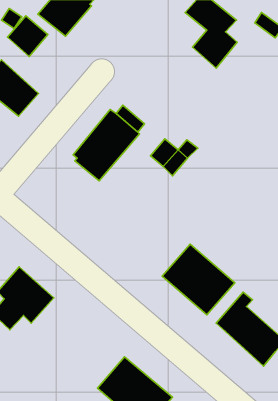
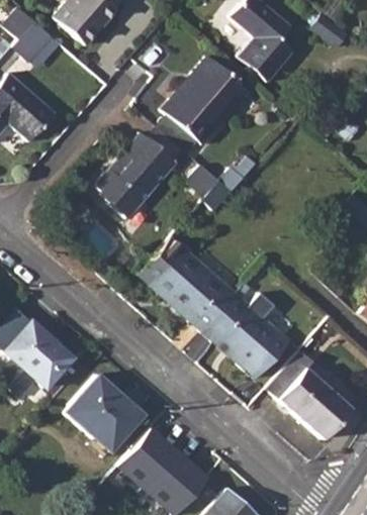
building: none -> [163,56,249,145]
building: none -> [139,237,237,332]
building: none -> [66,376,144,452]

